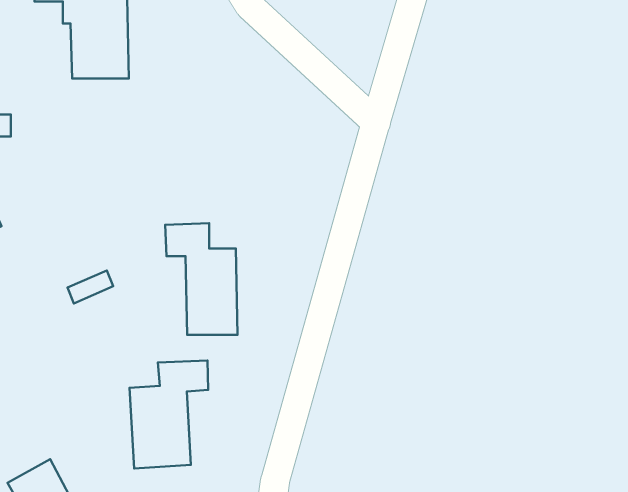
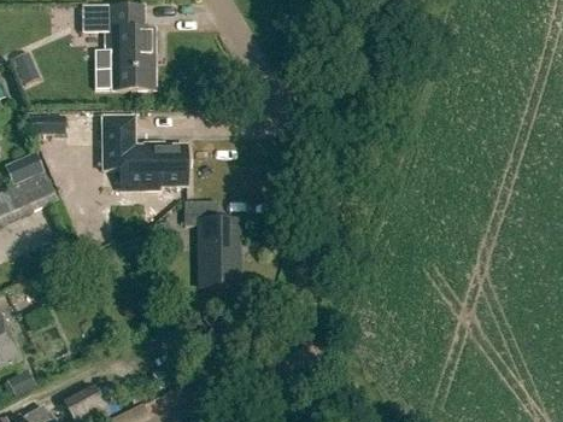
building: none -> [101,116,187,189]
building: [130,361,208,468] -> none

